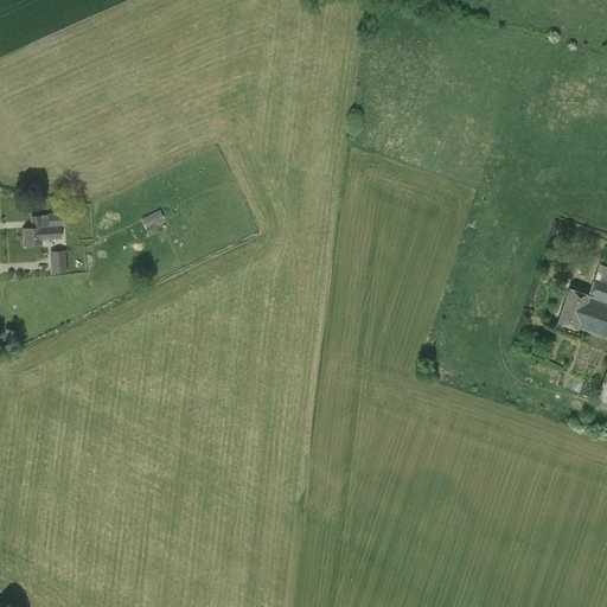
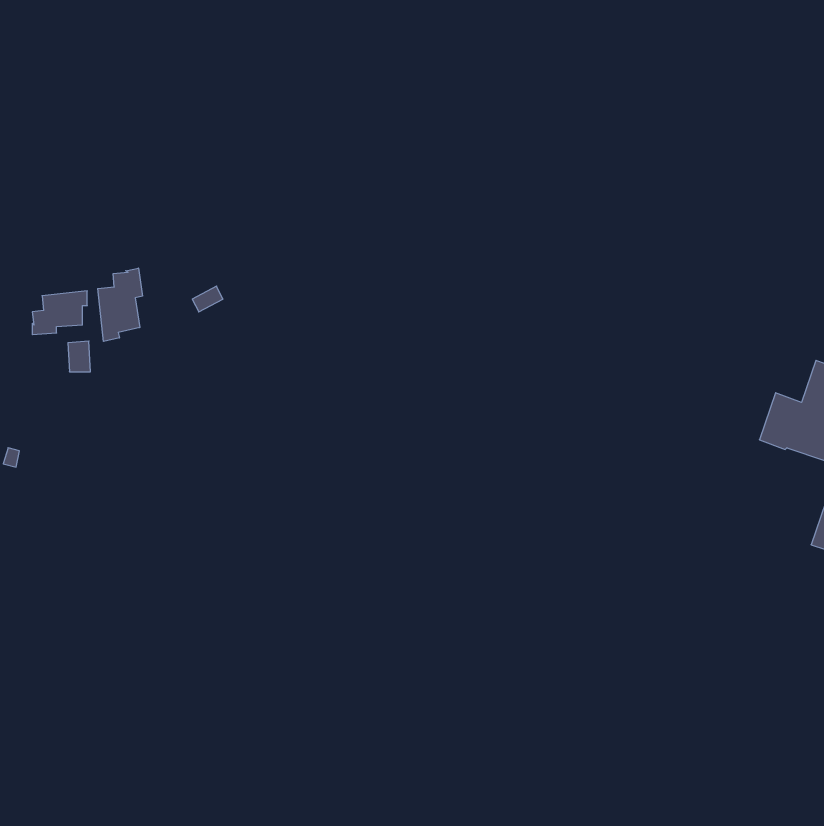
building: none -> [98,268,142,341]

